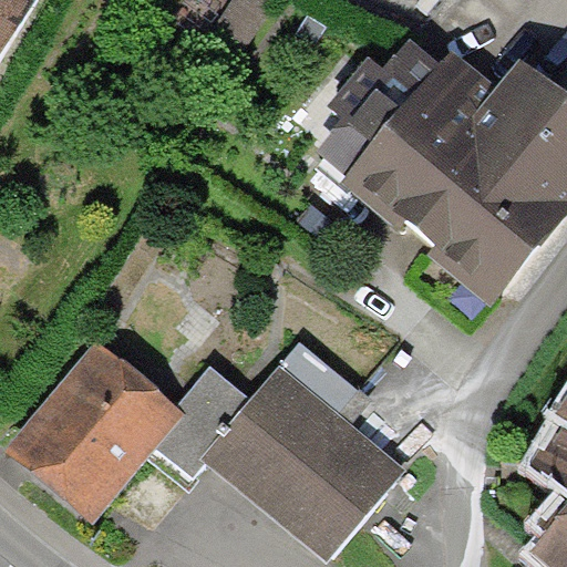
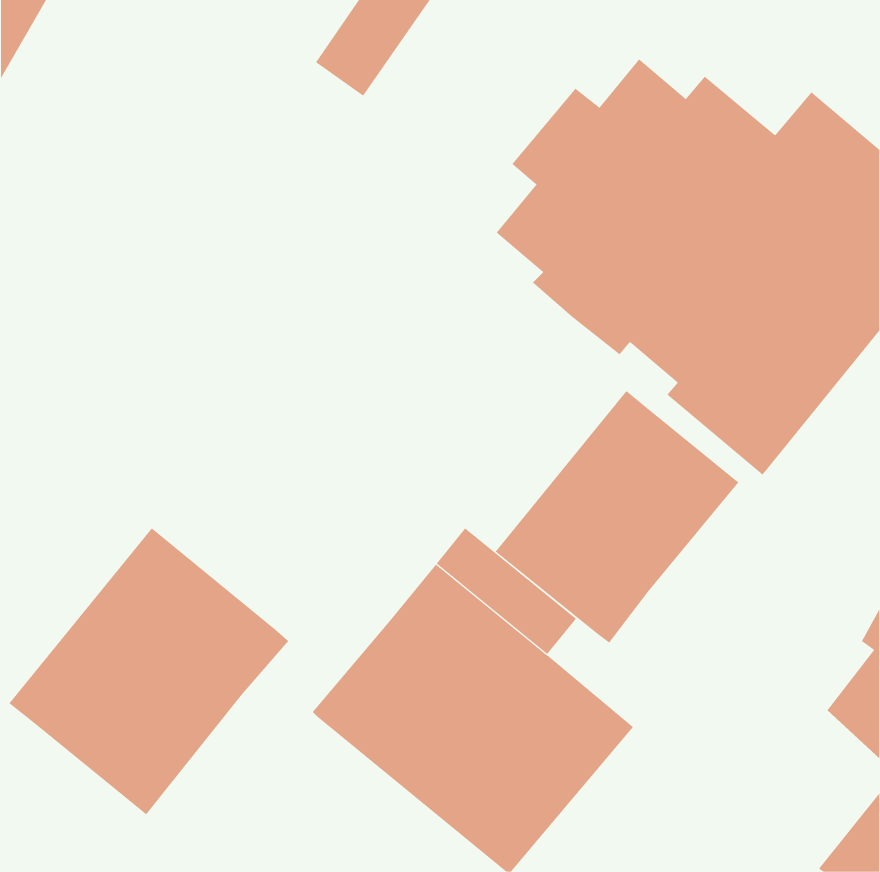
building: none -> [495,390,739,643]
building: [156,365,250,476] -> none

